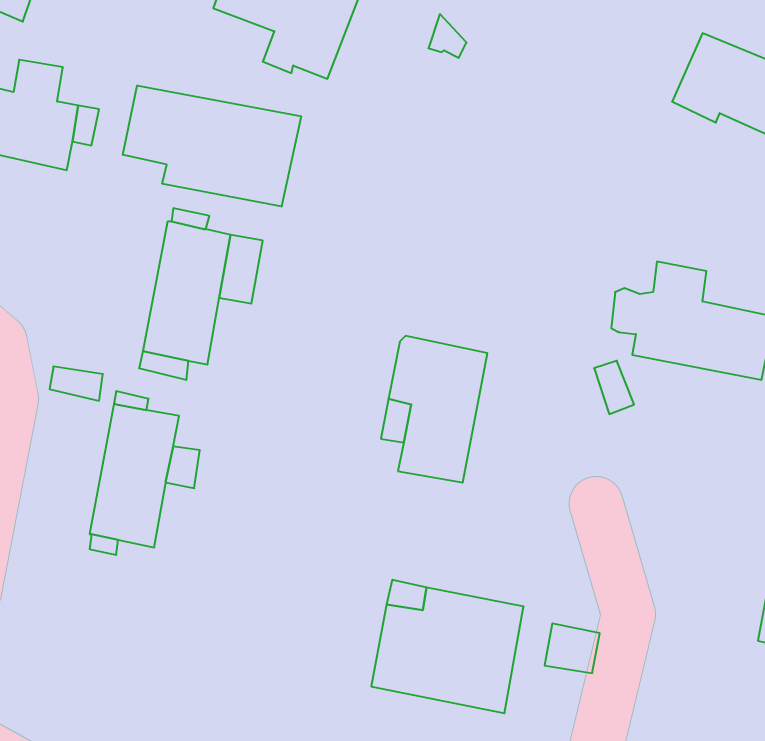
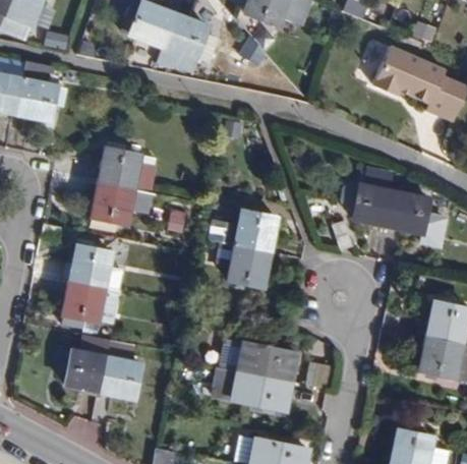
building: [123,85,301,207] -> none
building: none -> [62,335,142,403]

